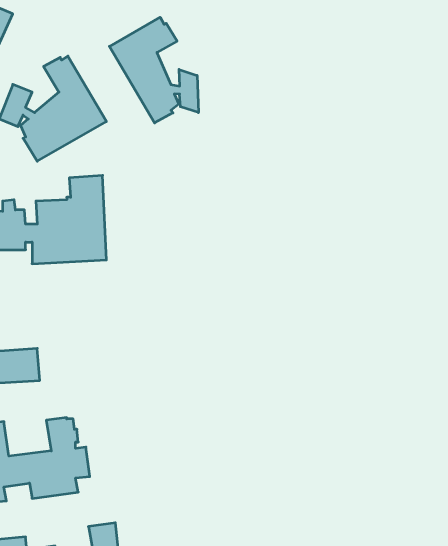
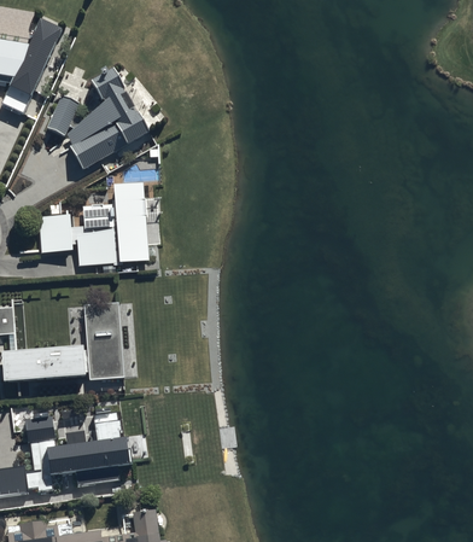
building: [109,17,198,123] -> none
building: none -> [84,304,124,380]

